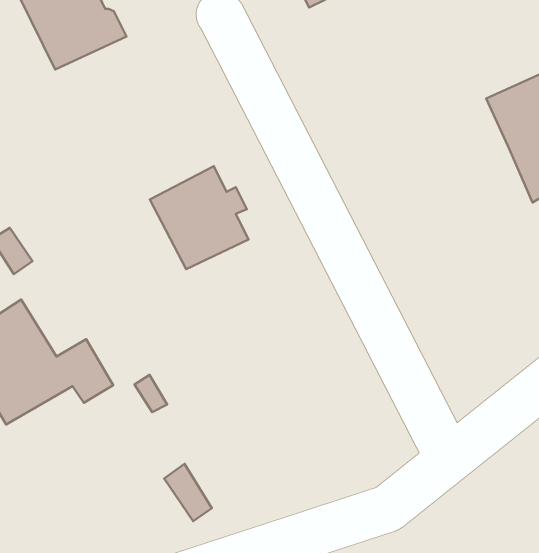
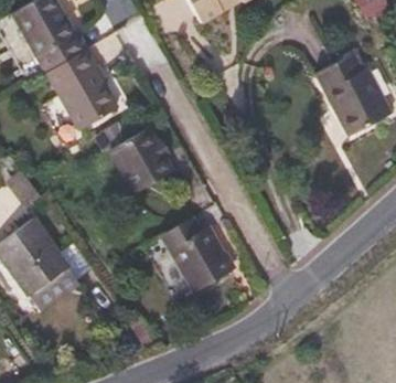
building: none -> [44,50,116,131]
building: none -> [168,225,233,292]

